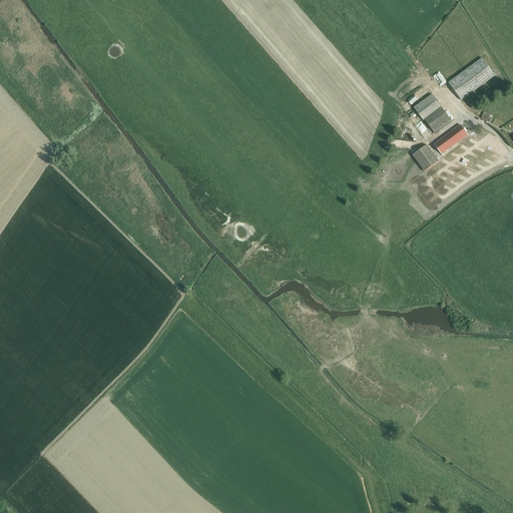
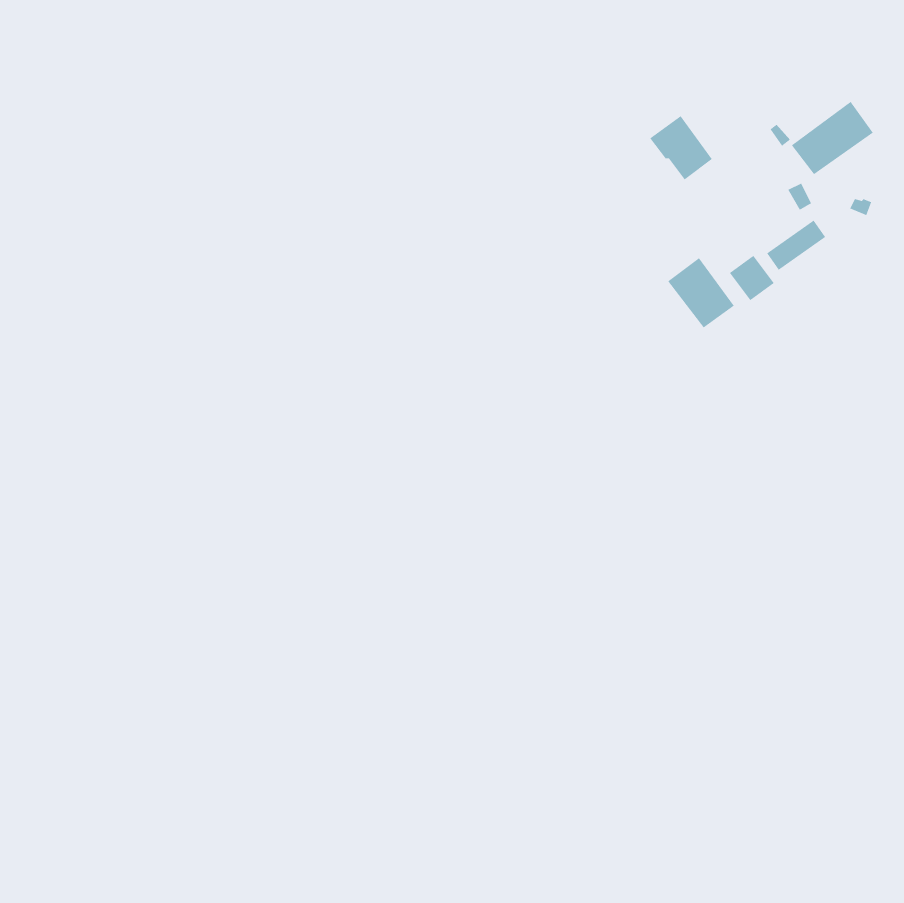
building: [414,94,450,131] -> [649,115,713,181]
building: none -> [667,257,735,328]

